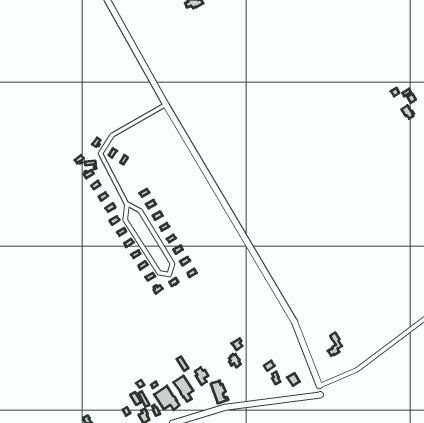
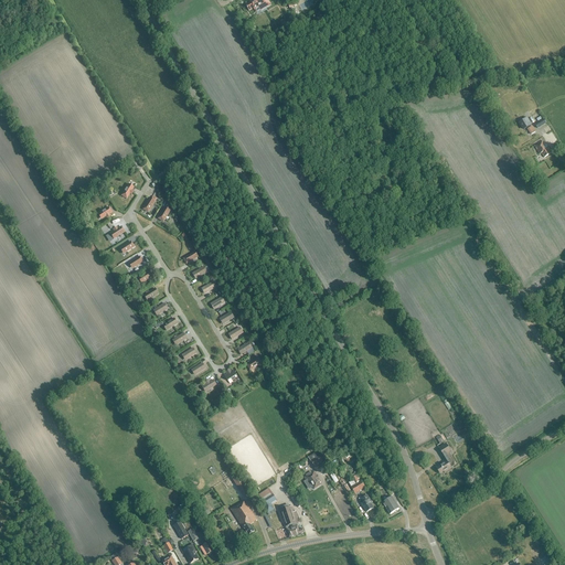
building: [154,386,179,410] -> none

